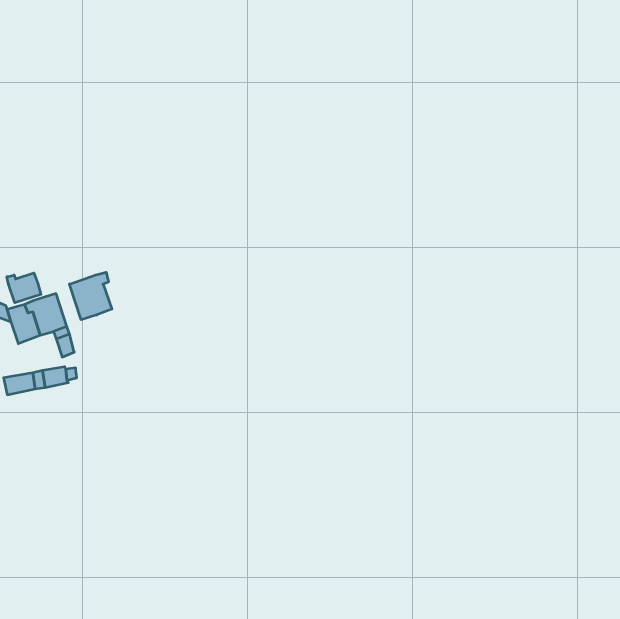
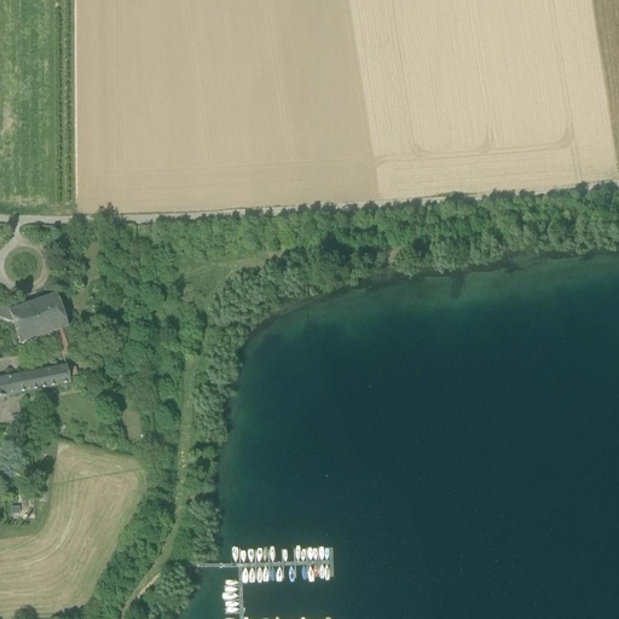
building: [69,272,112,320] -> none
building: [7,273,41,303] -> none

